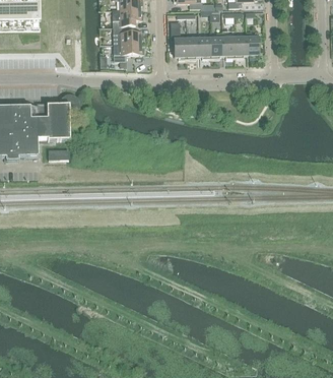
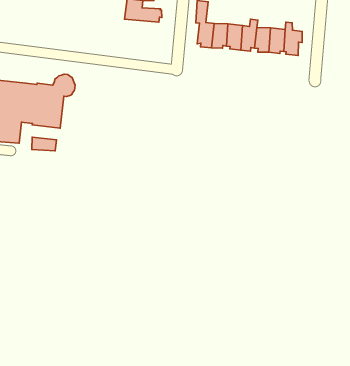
building: [113,42,143,60] -> none

